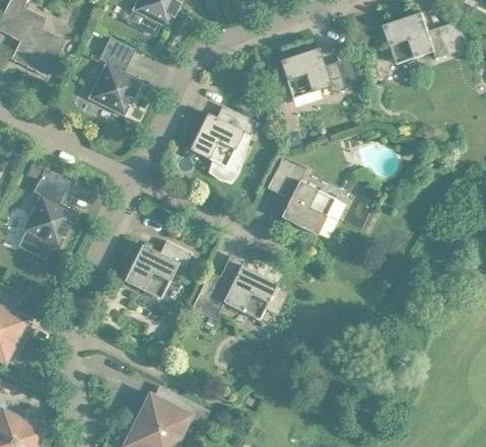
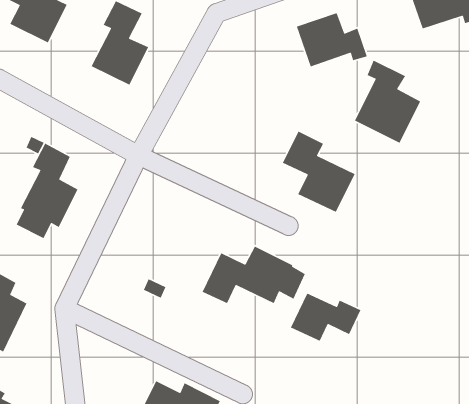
building: none -> [354,60,421,144]
building: [189,104,256,182] -> none
building: [124,240,191,298] -> none
building: none -> [290,292,362,342]

